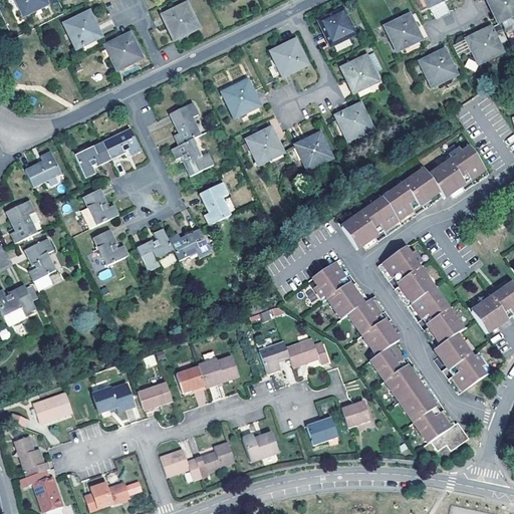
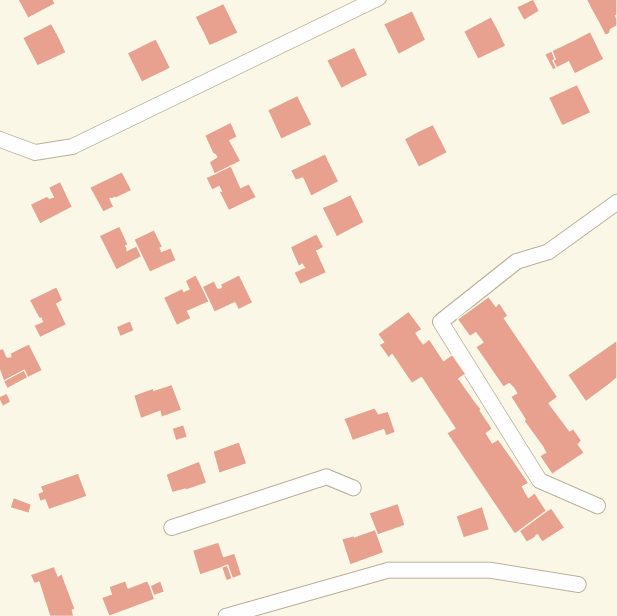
building: [64,11,100,46] -> [23,23,66,66]
building: [419,50,454,84] -> [549,85,591,126]
building: [341,56,376,90] -> none
building: [101,128,140,158] -> none
building: [295,133,330,168] -> [322,194,364,237]
building: [341,147,491,247] -> none
building: [200,182,230,224] -> [290,234,326,285]
building: [5,200,36,243] -> none
building: [92,229,127,264] -> [134,230,176,272]
building: [259,342,288,372] -> none
building: [198,356,239,388] -> none
building: [93,384,134,413] -> [133,385,182,418]
building: [341,401,369,427] -> [456,506,490,538]
building: [243,433,278,462] -> [342,530,384,565]
building: [14,437,49,477] -> none
building: [195,442,235,477] -> none

